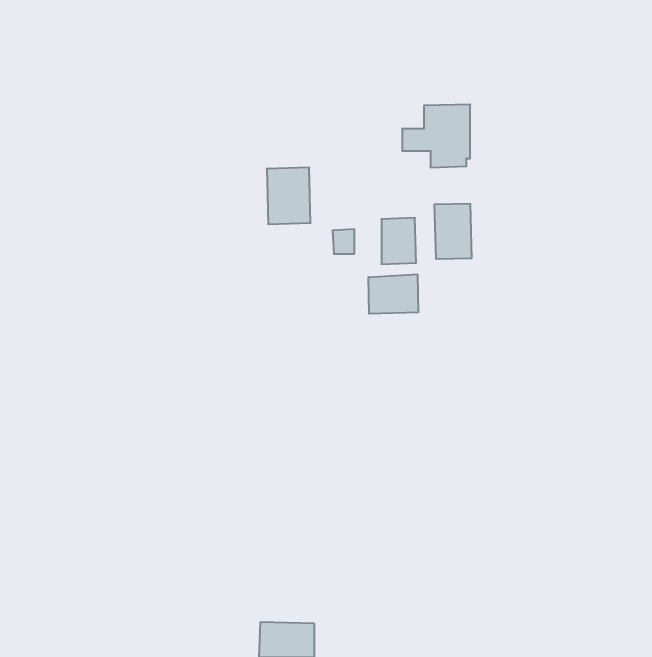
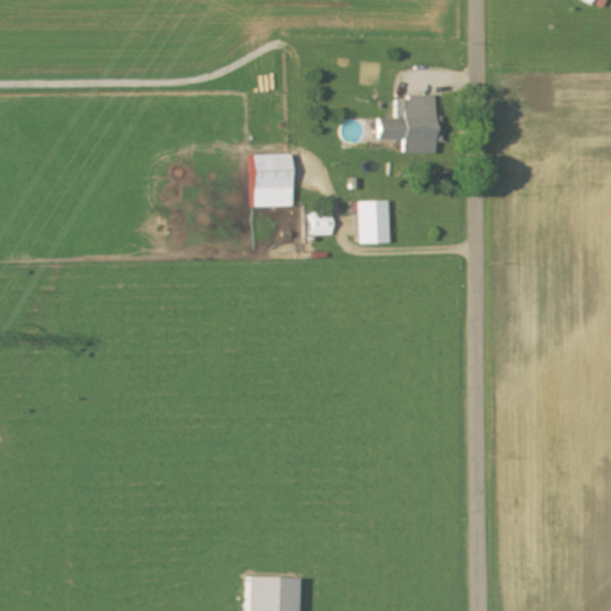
building: [435,204,472,259] -> none
building: [368,274,418,314] -> none

